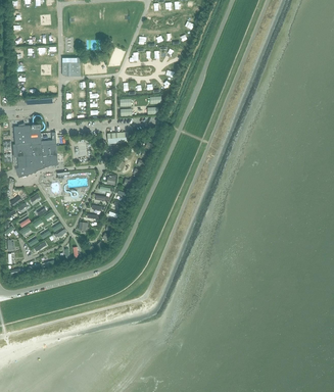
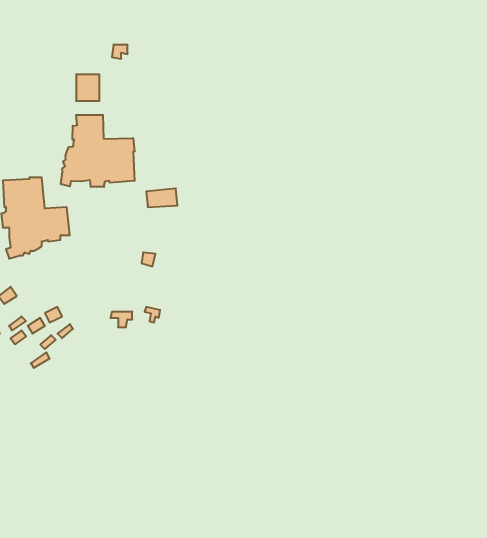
building: none -> [61,115,134,187]

